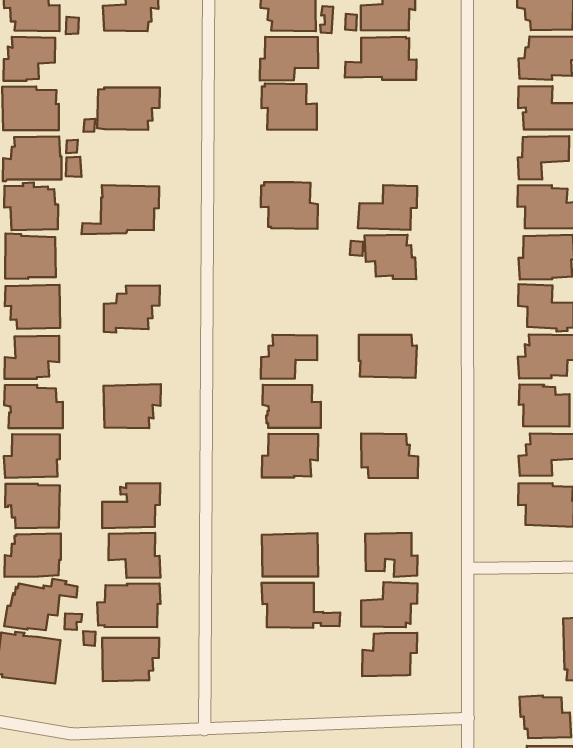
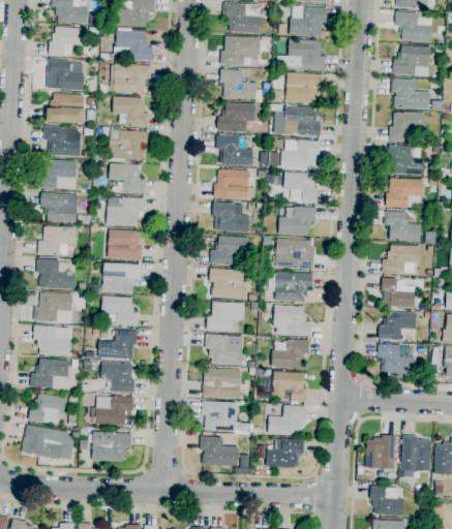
building: none -> [114,29,153,60]
building: none -> [285,71,324,102]
building: none -> [112,95,149,127]
building: none -> [217,101,255,132]
building: none -> [283,105,321,135]
building: none -> [213,168,255,198]
building: none -> [109,162,145,193]
building: none -> [278,206,317,235]
building: none -> [212,201,249,231]
building: none -> [108,228,142,259]
building: none -> [267,271,313,302]
building: none -> [101,295,140,328]
building: none -> [271,338,310,369]
building: none -> [205,334,243,365]
building: none -> [365,434,395,469]
building: none -> [199,435,238,467]

